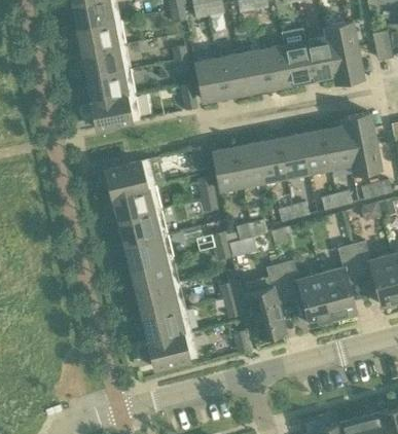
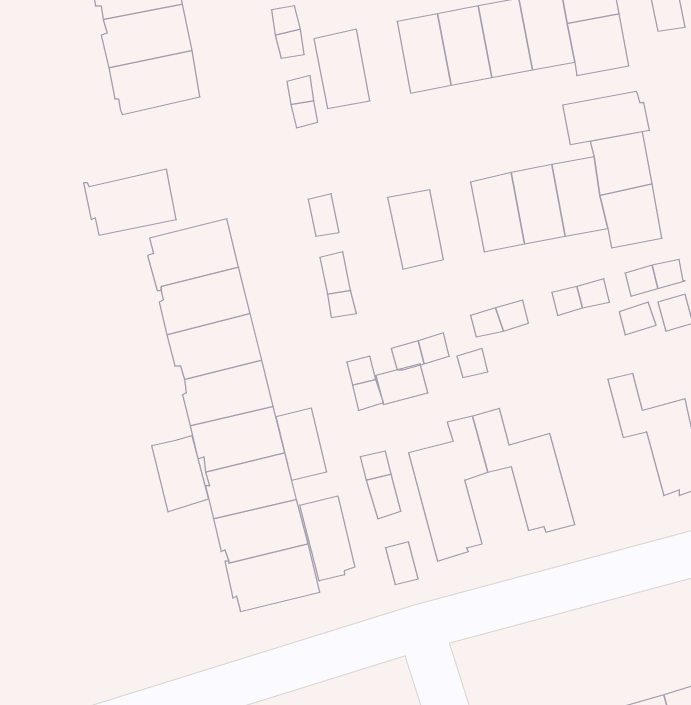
building: [217,53,246,96] -> none
building: none -> [563,91,649,145]
building: [89,94,139,129] -> [84,169,176,235]
building: [256,139,285,180] -> none
building: [212,147,242,189] -> none
building: [320,244,359,321] -> none
building: none -> [276,408,327,481]
building: none -> [152,436,208,512]
building: none -> [300,496,355,581]

